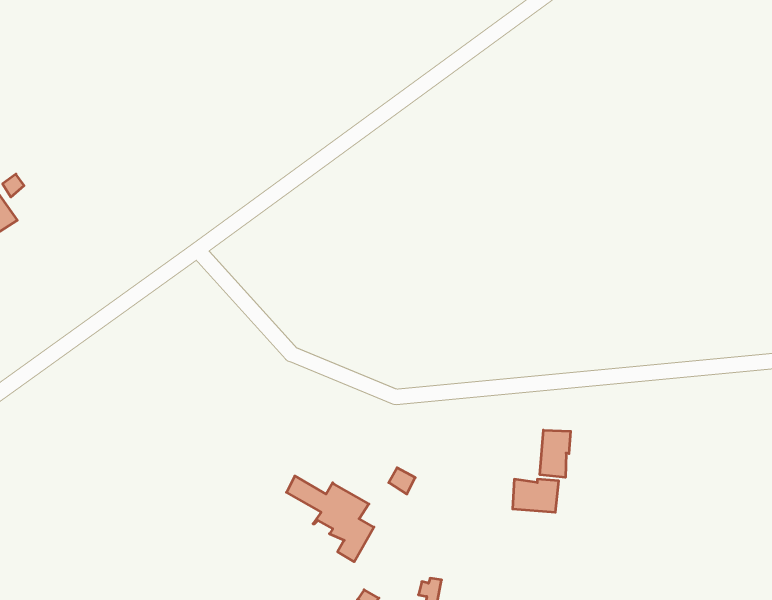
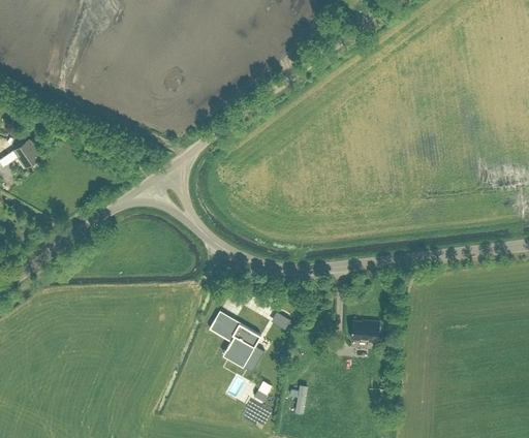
building: [540,430,571,477] -> none

